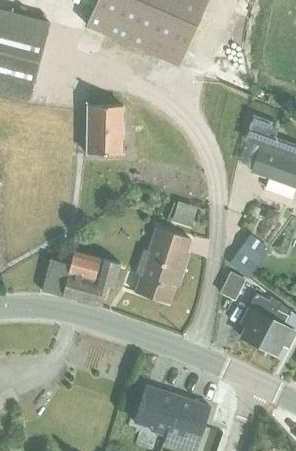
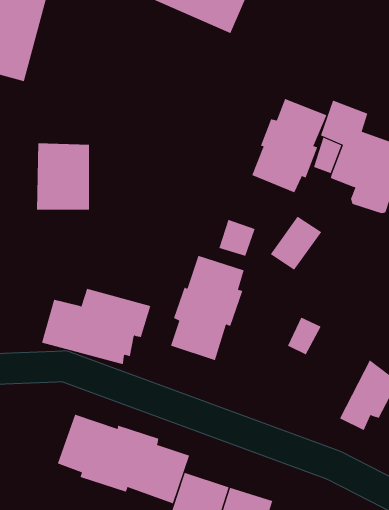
building: [85,105,124,154] -> [36,143,90,210]
building: none -> [251,98,327,193]
building: [230,236,268,276] -> [270,216,322,271]
building: [240,294,280,346] -> none
building: none -> [57,414,190,504]

